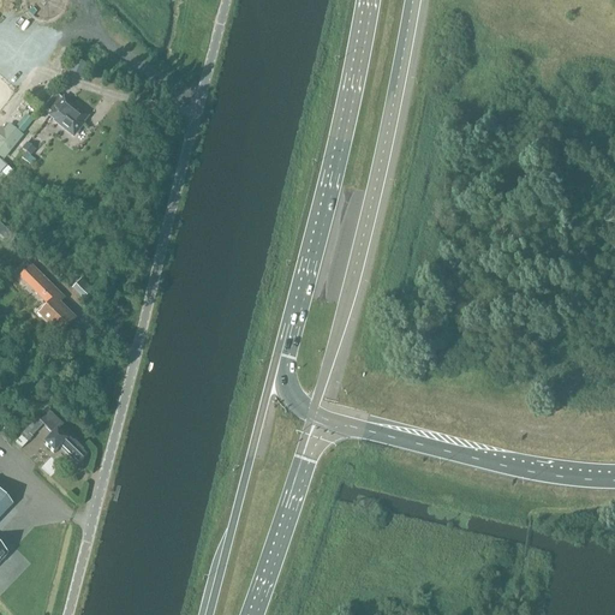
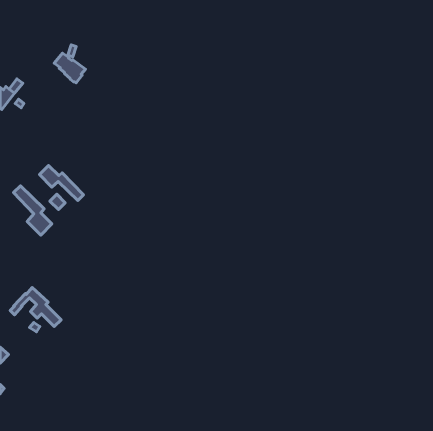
building: [42,90,86,132] -> [54,53,86,83]
building: none -> [39,165,83,200]

